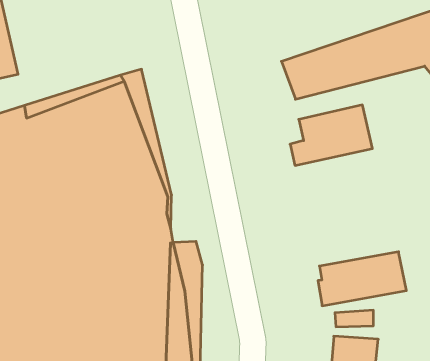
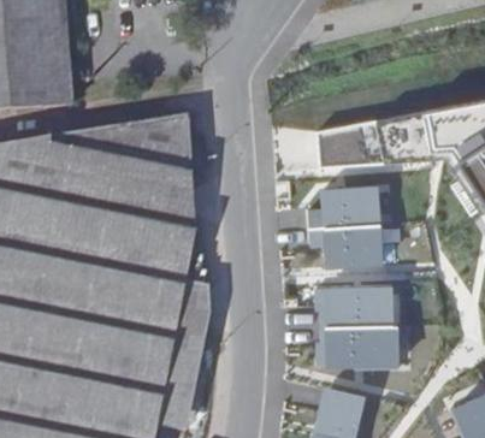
building: none -> [314,227,390,267]
building: none -> [315,286,397,328]

